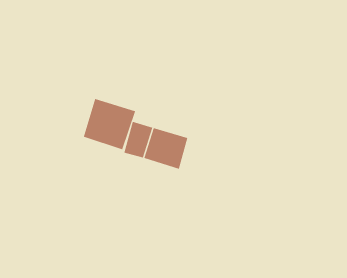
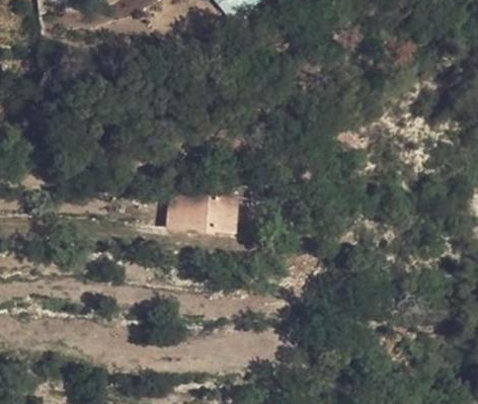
building: [83,98,136,150] -> none

